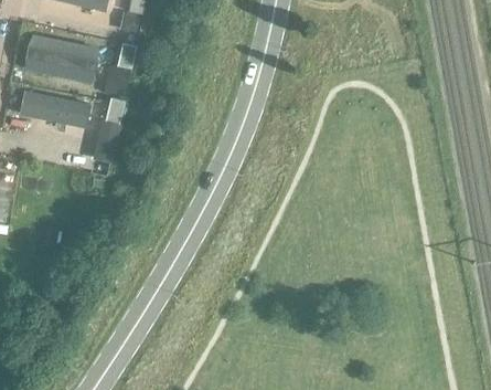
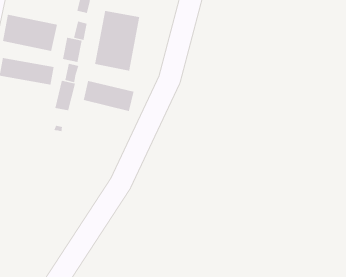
building: none -> [95,10,140,72]
building: none -> [83,80,134,112]

